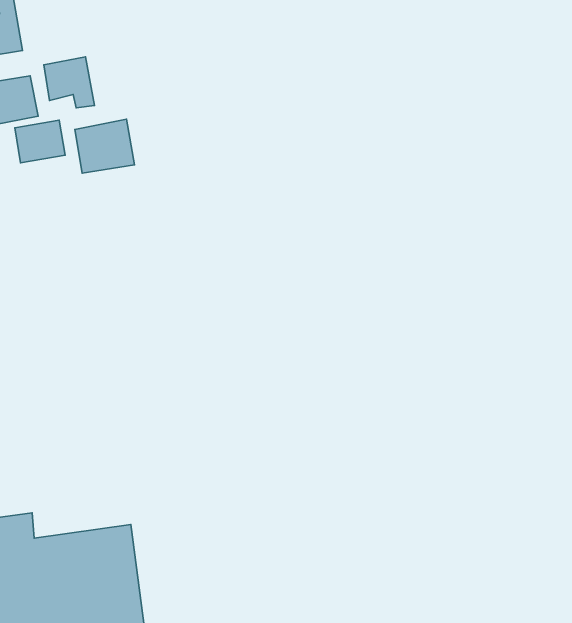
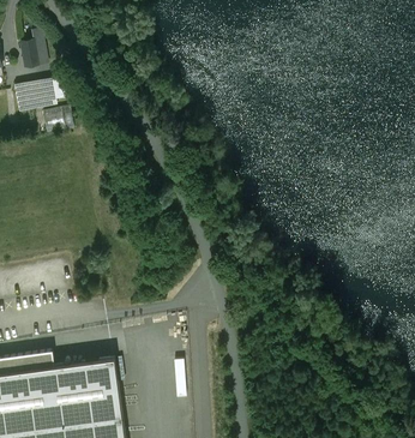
building: [44,57,94,108] -> none
building: [75,119,135,173] -> none

